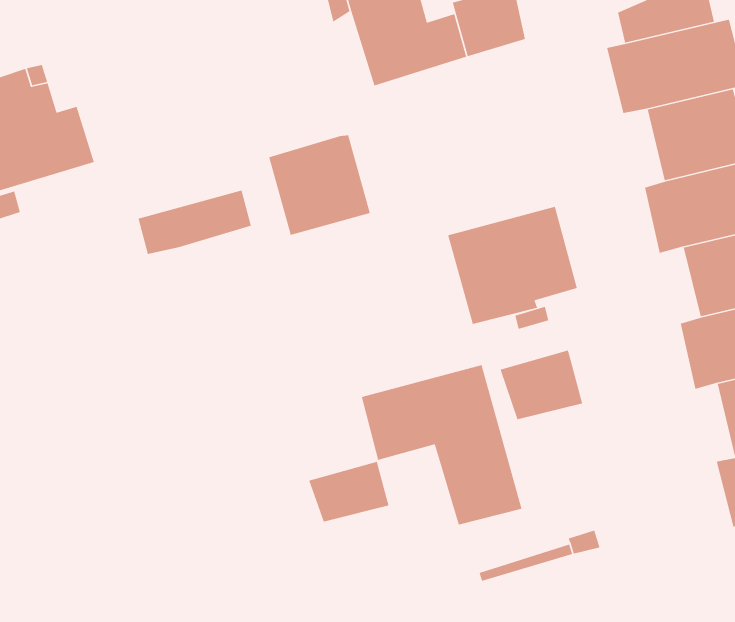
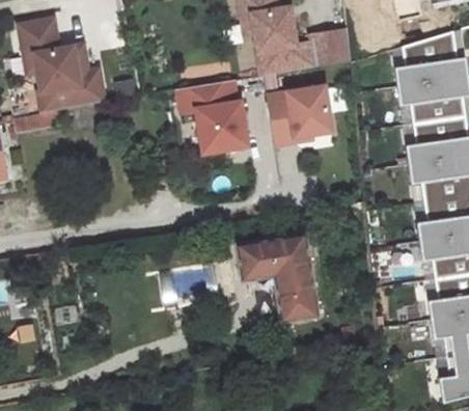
building: [137,189,252,255] -> [178,79,241,109]
building: [447,206,578,325] -> [267,83,335,143]
building: [499,349,583,420] -> none
building: [308,461,389,522] -> none

